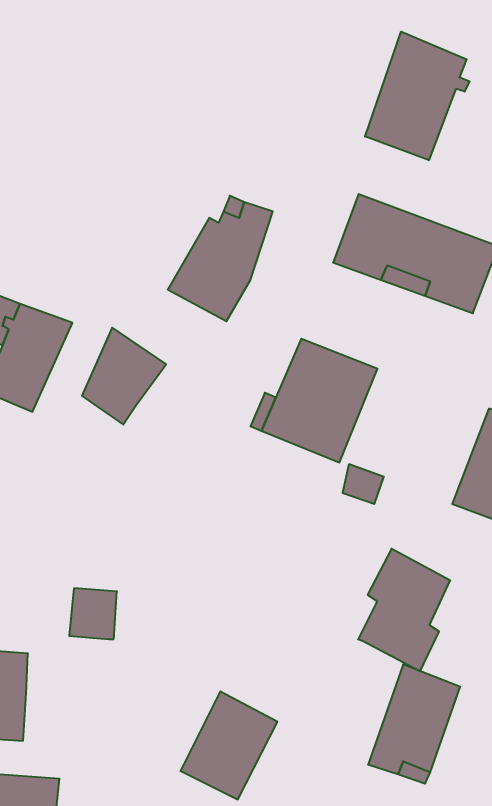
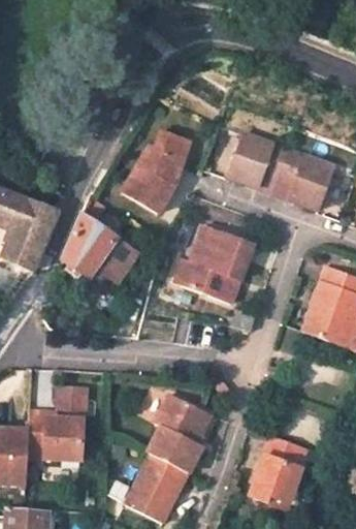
building: [365,32,470,160] -> none
building: none -> [98,240,138,281]
building: [358,549,450,671] -> [150,393,209,472]
building: none -> [27,408,80,458]

